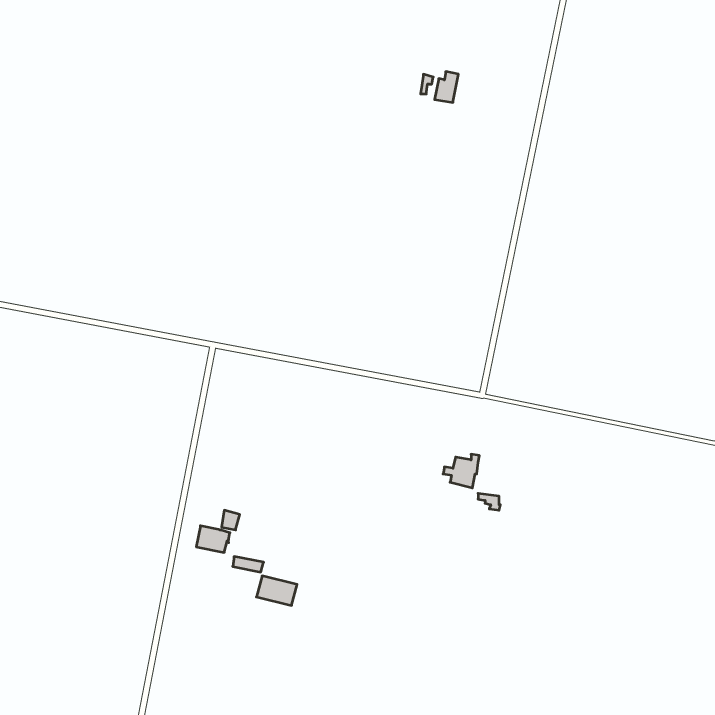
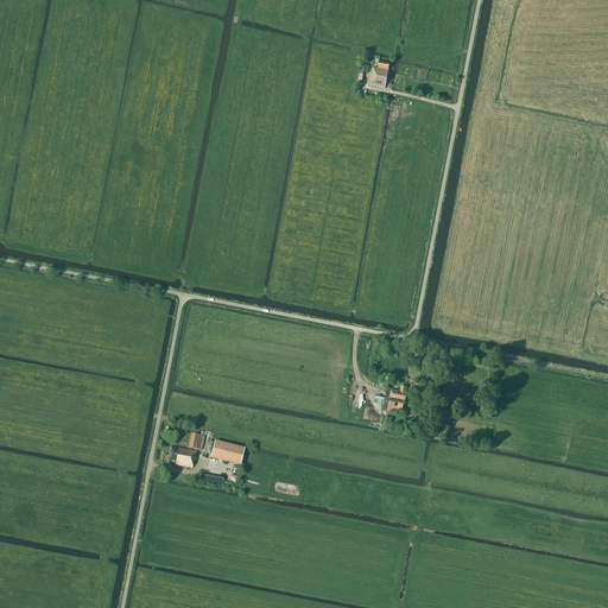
building: [256,576,297,605] -> [209,439,243,464]

